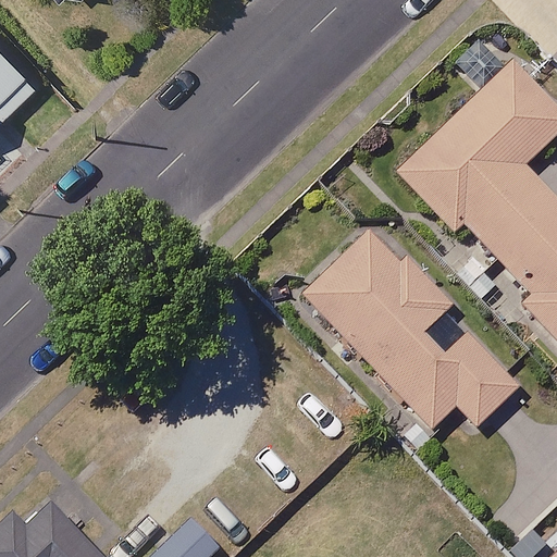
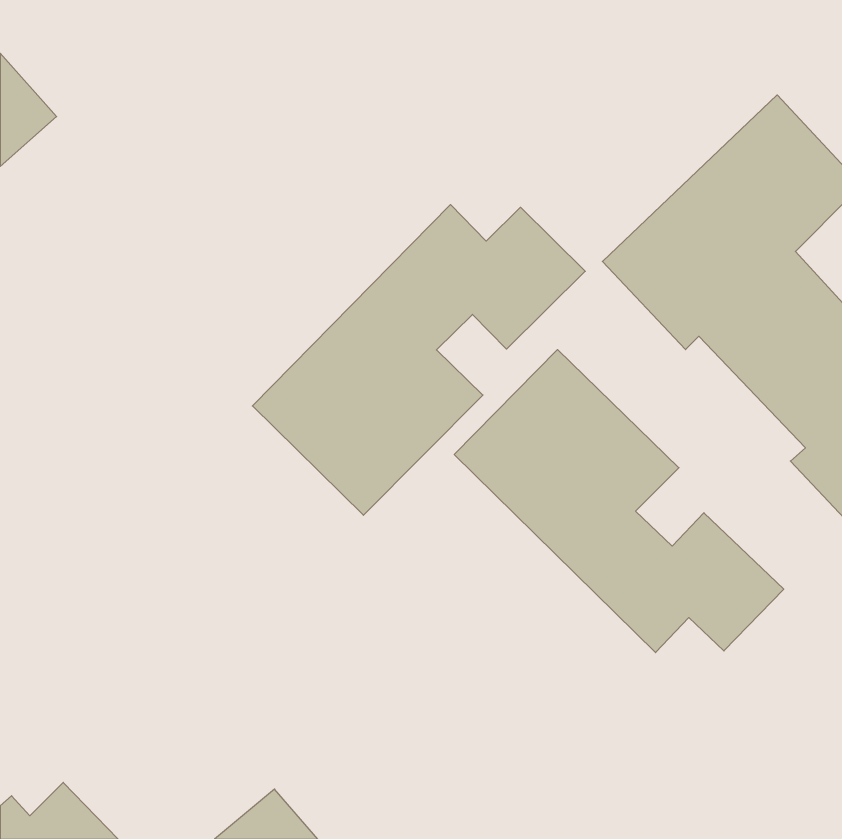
building: none -> [252,205,585,515]

